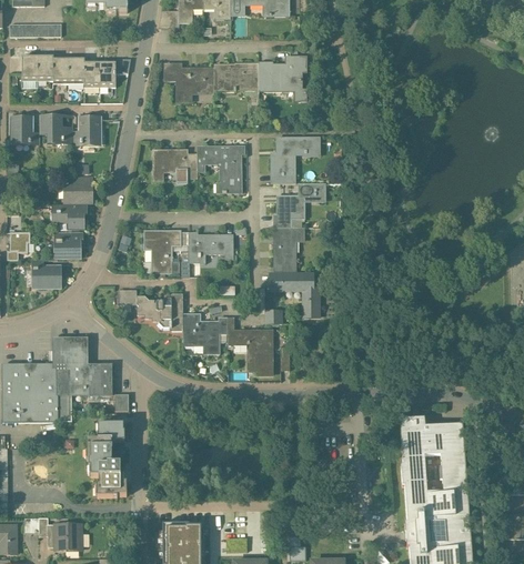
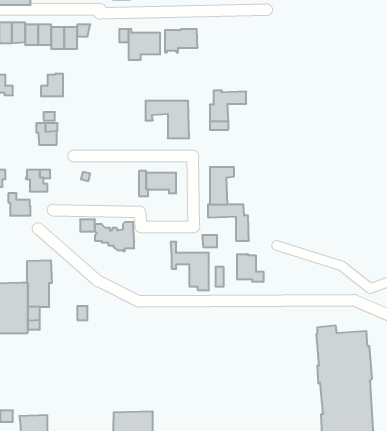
building: [258,57,305,100] -> none
building: [39,118,72,141] -> none
building: [152,149,196,181] -> none
building: [273,182,323,228] -> none
building: [51,203,88,226] -> none
building: [143,229,181,273] -> none
building: [183,316,228,354] -> none
building: none -> [237,254,263,282]
building: [82,365,110,394] -> none
building: [87,422,127,496] -> none

